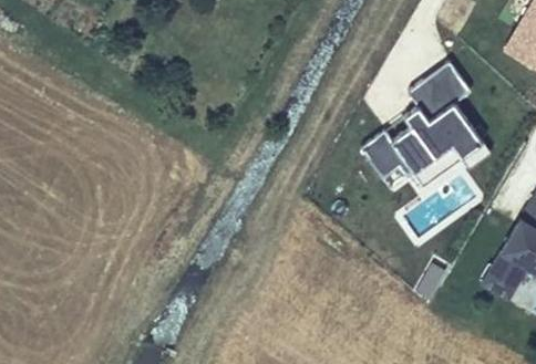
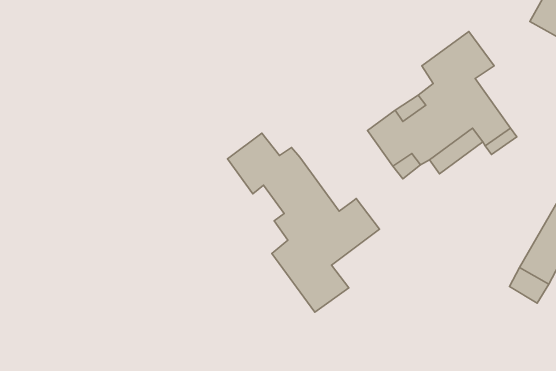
building: none -> [227,133,380,312]

